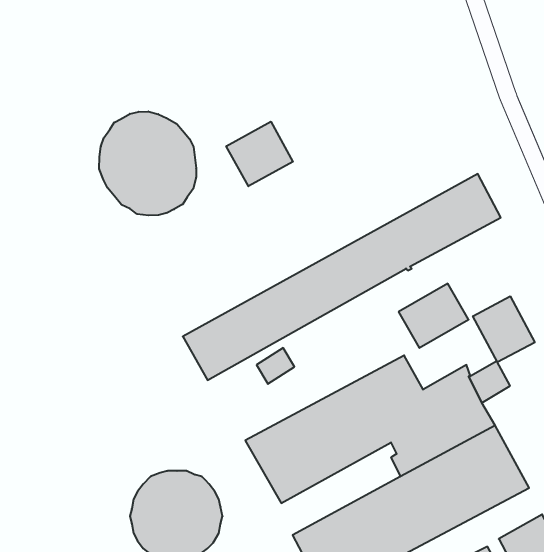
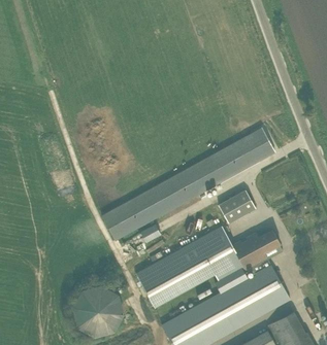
building: [99,111,196,215] -> none
building: [226,122,293,186] -> none
building: [473,296,535,362] -> none

